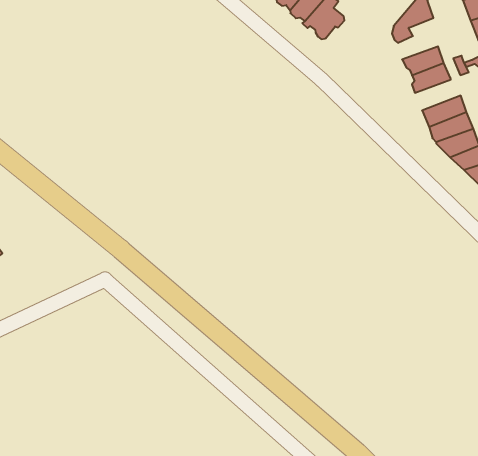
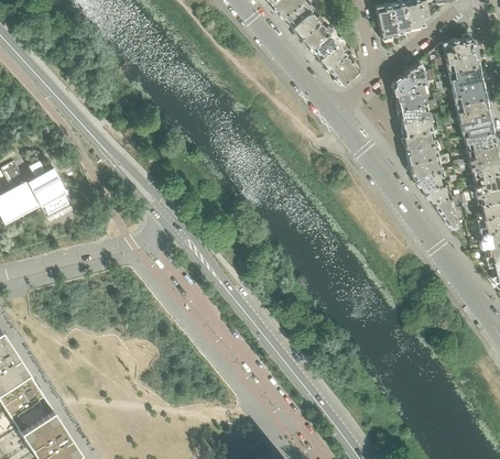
building: none -> [398,86,427,112]
building: none -> [404,131,438,153]

